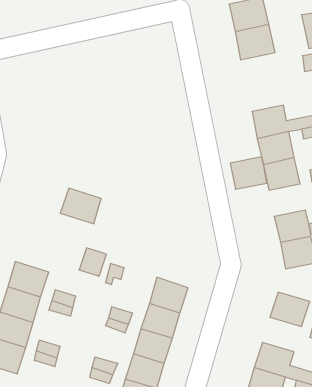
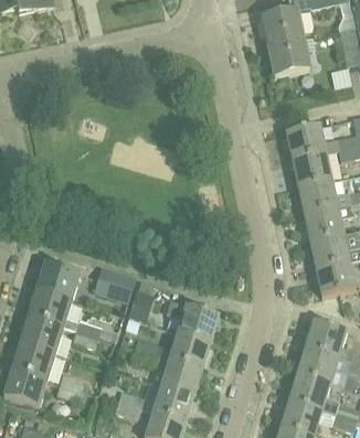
building: [230,157,267,189] -> [304,206,342,241]
building: [60,188,101,224] -> [36,261,80,299]
building: none -> [297,346,338,383]

